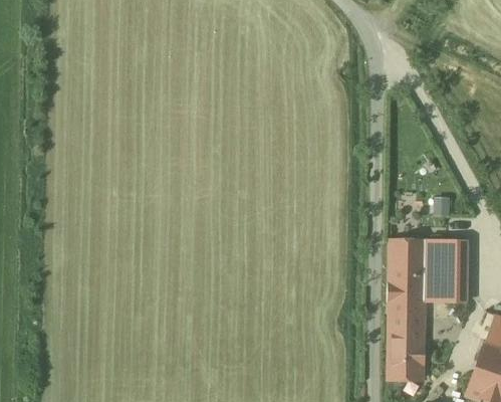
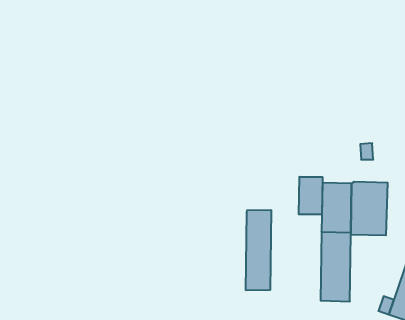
building: none -> [299,177,322,215]
building: none -> [246,210,271,290]

